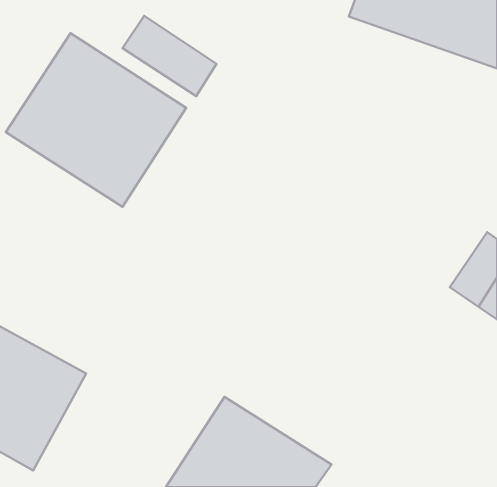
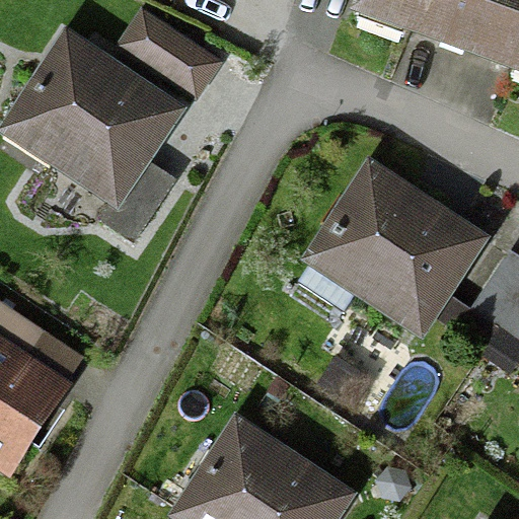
building: none -> [303,157,483,331]

